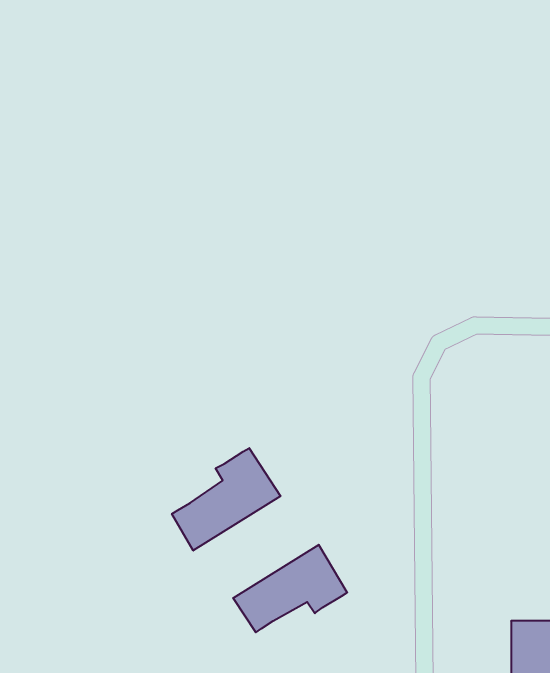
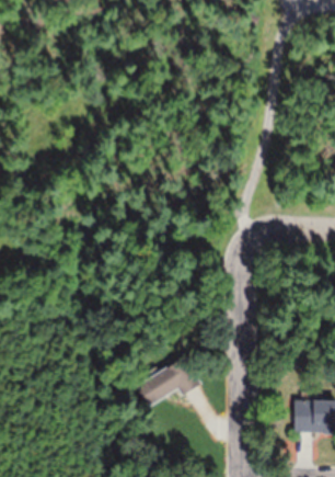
building: [172,448,280,551] -> none

